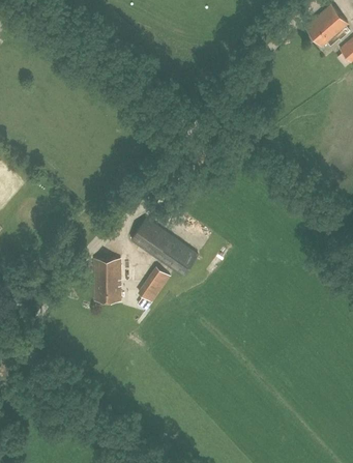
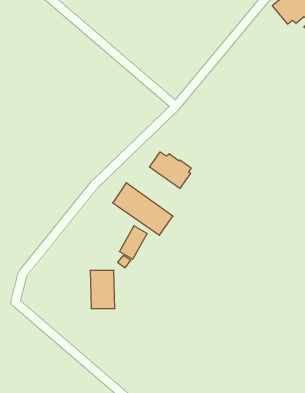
building: none -> [150,152,191,188]
building: [93,259,120,300] -> [90,270,115,309]

